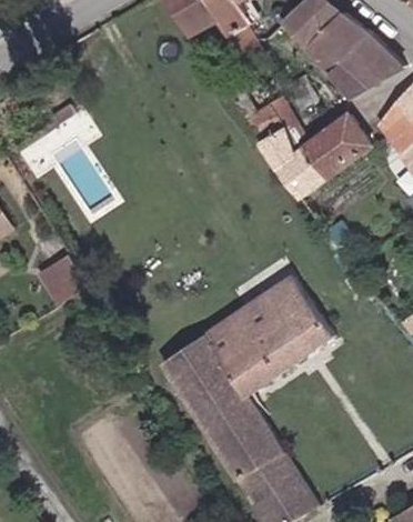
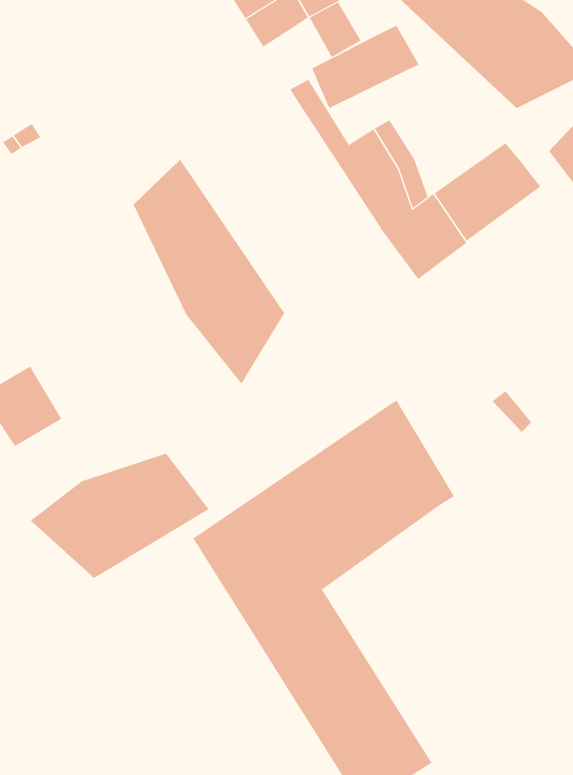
building: none -> [311,25,420,109]
building: none -> [133,159,285,384]
building: none -> [30,453,210,579]

